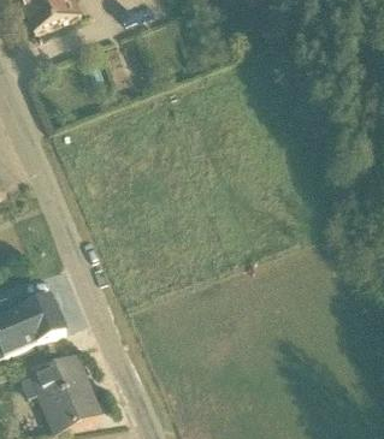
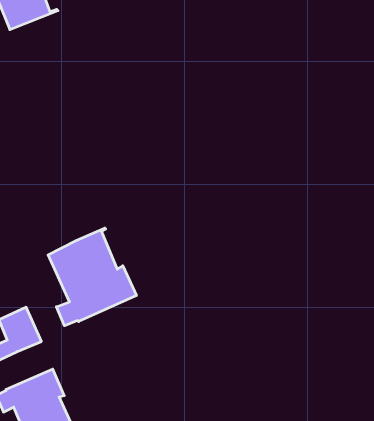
building: none -> [48,228,136,326]

